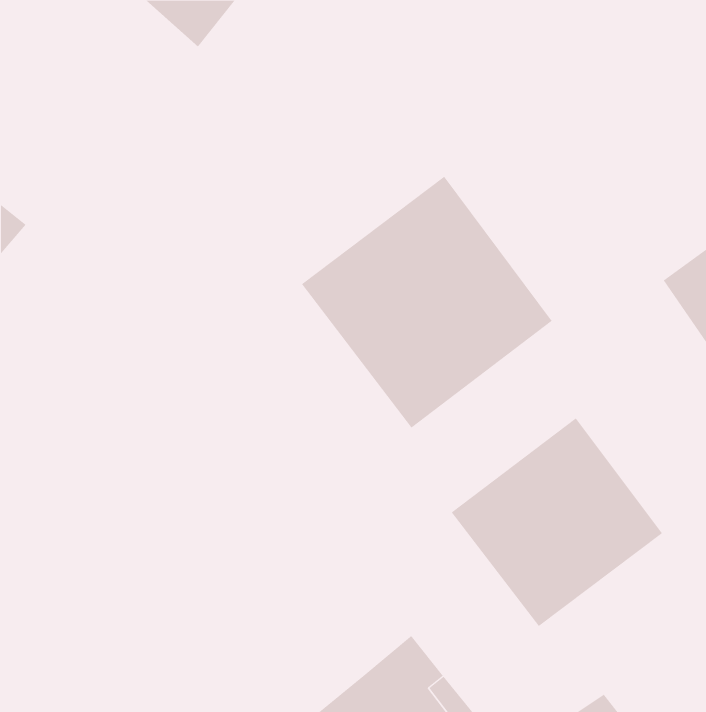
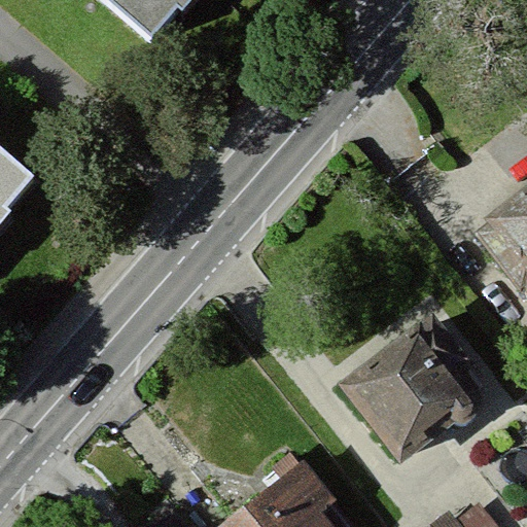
building: [301,176,552,428] -> none

